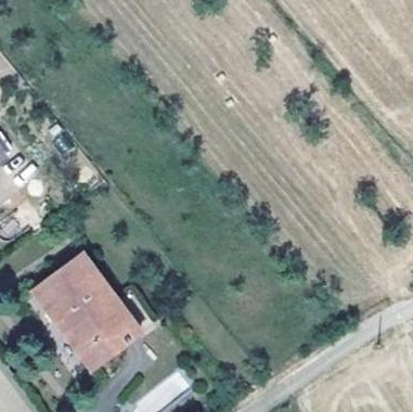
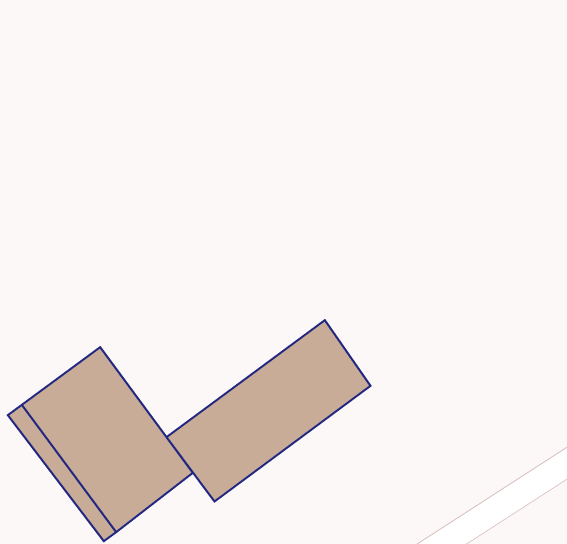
building: none -> [167,320,370,501]

